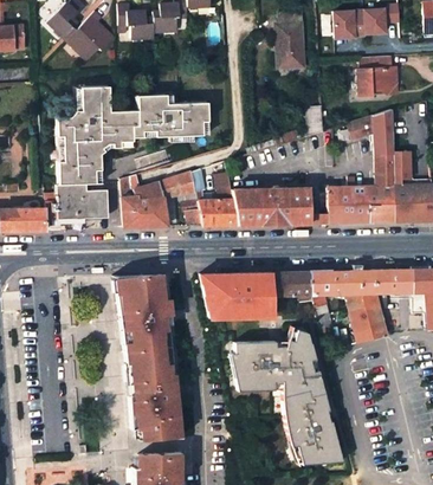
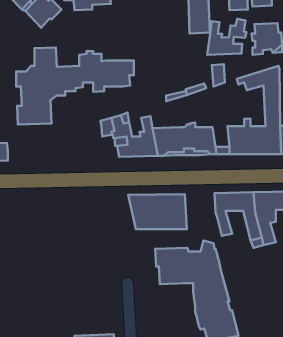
building: none -> [207,19,246,55]
building: [121,176,168,228] -> none
building: [45,186,104,218] -> none
building: [272,272,314,303] -> none
building: [115,276,181,440] -> none

